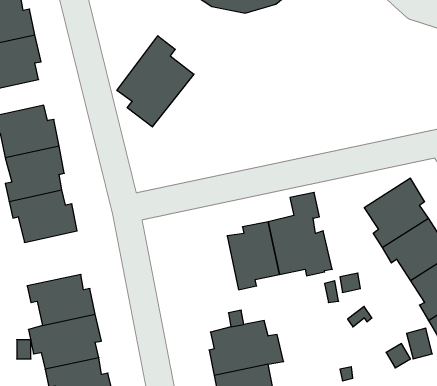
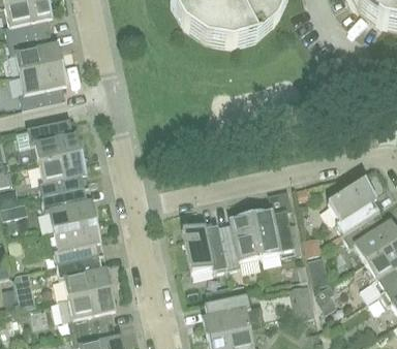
building: [117,36,194,127] -> none
building: none -> [53,220,101,264]
building: none -> [182,222,226,271]

